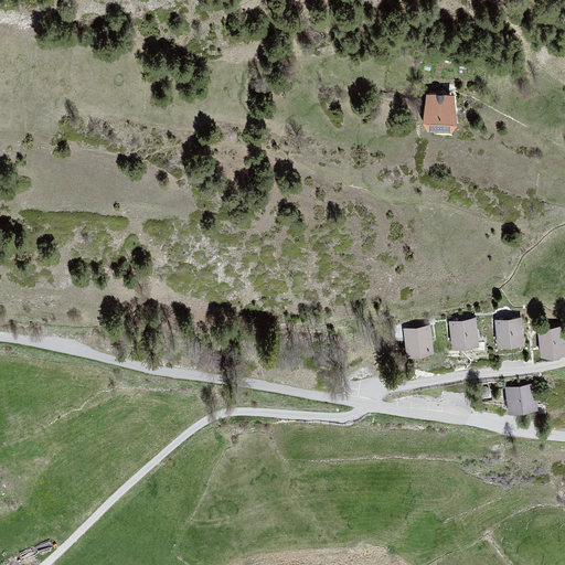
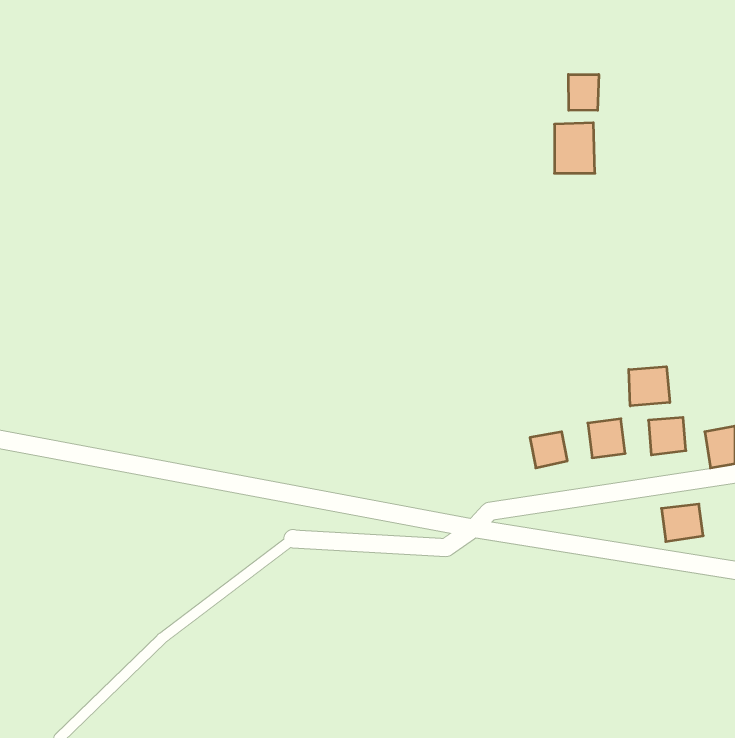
building: none -> [568,74,599,110]
building: none -> [629,367,670,406]

